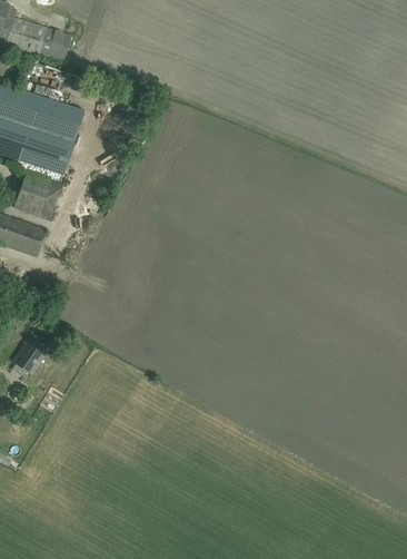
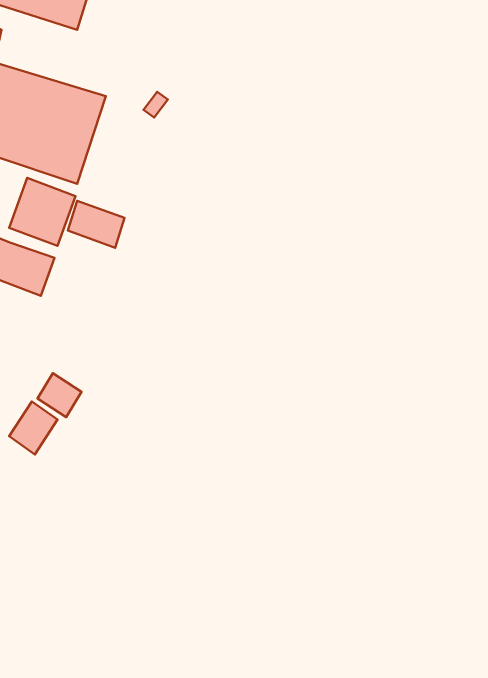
building: none -> [68,201,125,248]
building: none -> [38,373,81,417]

